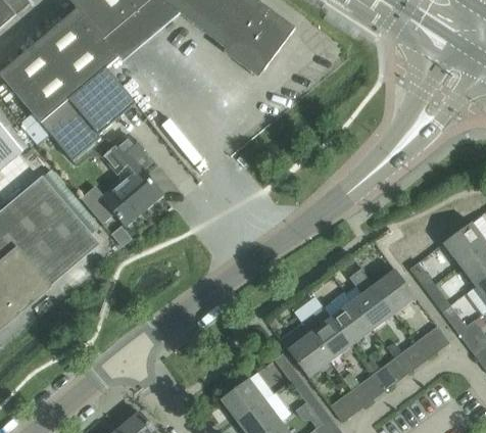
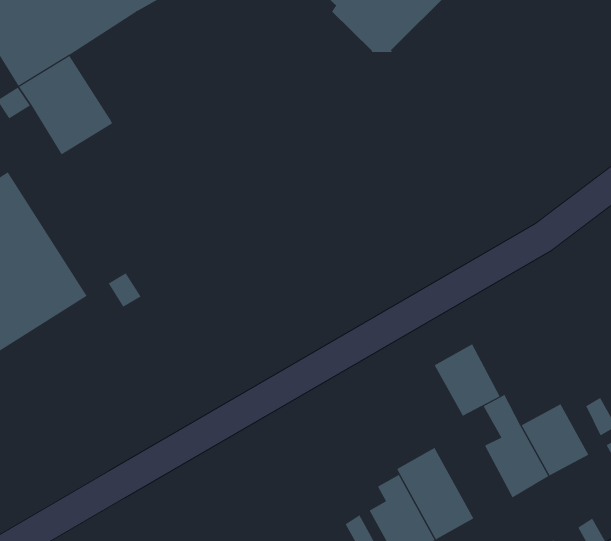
building: [69,67,136,134] -> none
building: [83,135,161,224] -> none
building: [331,300,374,345] -> [434,343,501,416]

